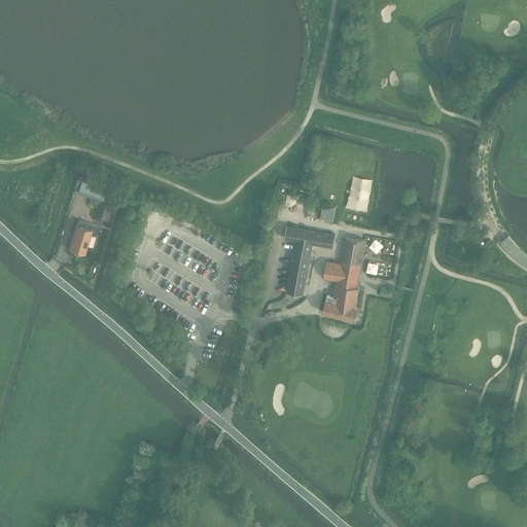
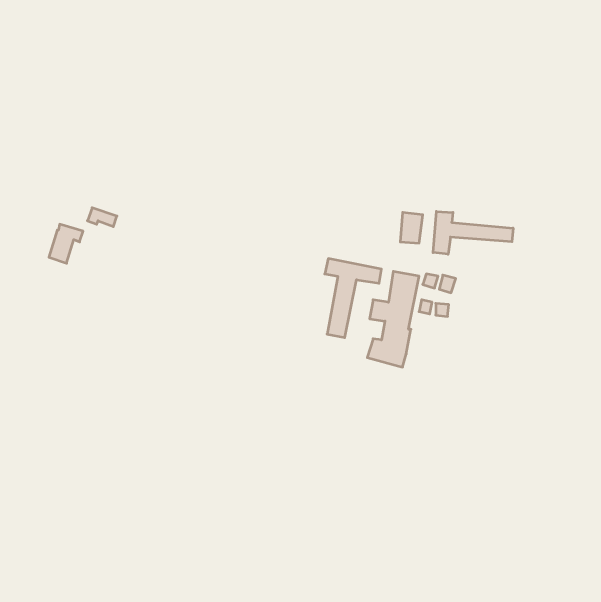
building: none -> [433,211,513,254]
building: [67,221,97,255] -> [49,224,83,263]

